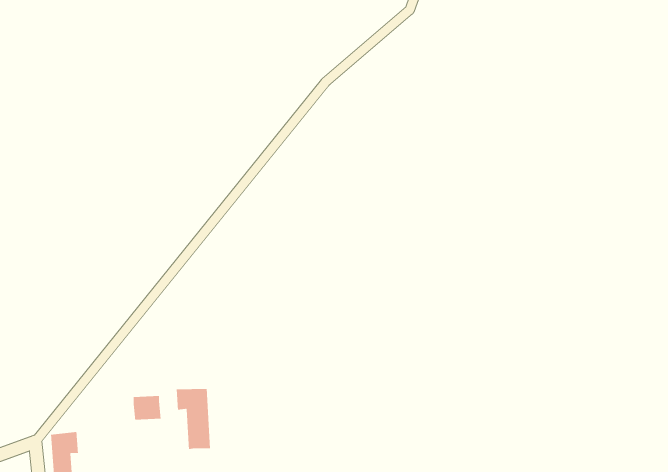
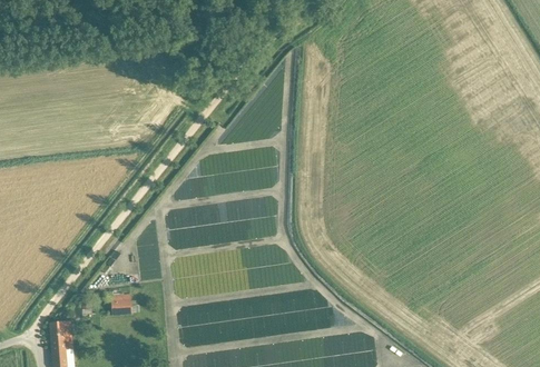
building: [176,388,211,450] -> none

